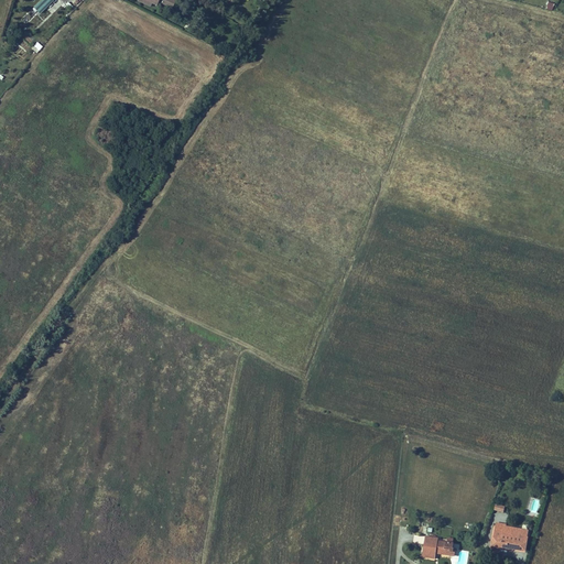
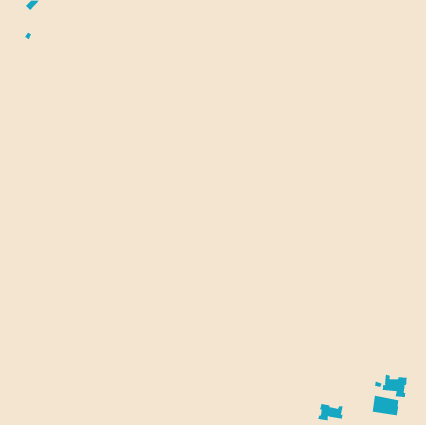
building: none -> [382,374,407,398]

